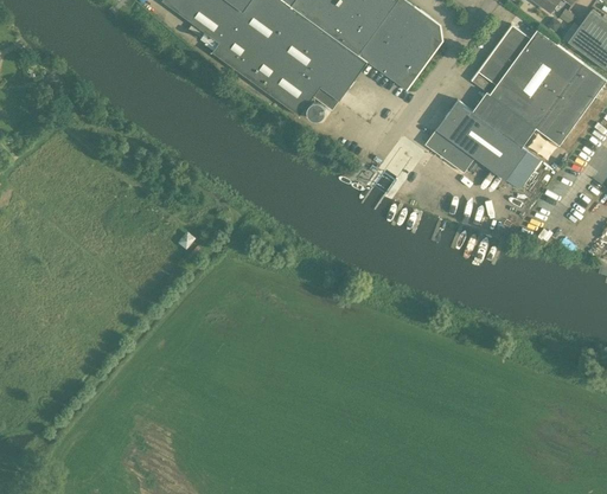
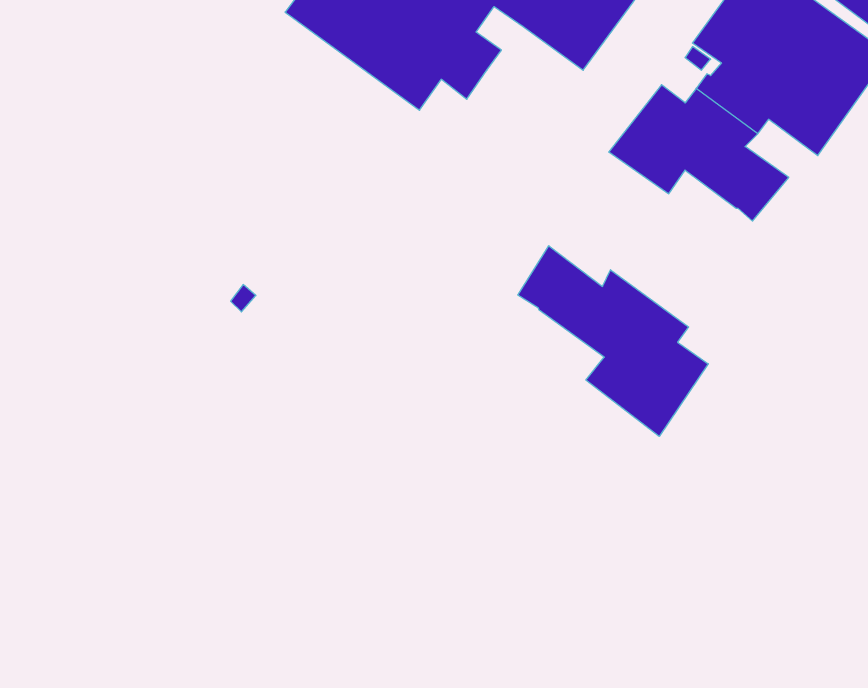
building: none -> [518,246,708,436]

